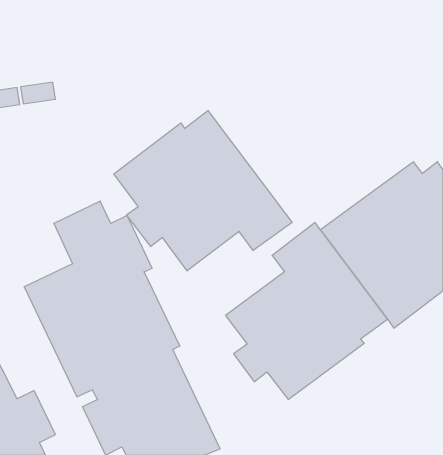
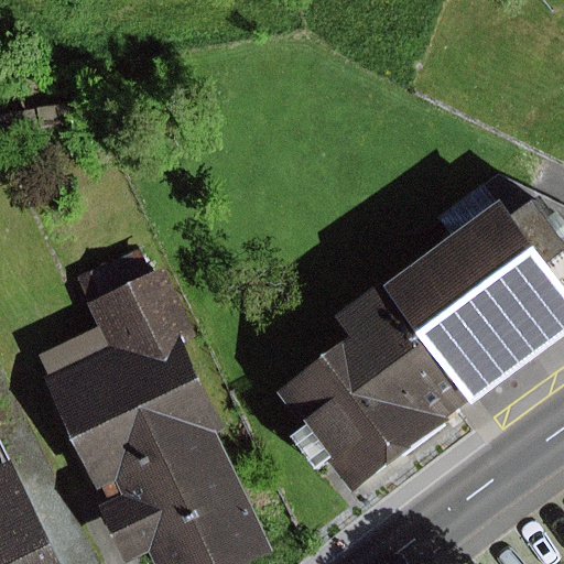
building: [114,110,292,271] -> none

